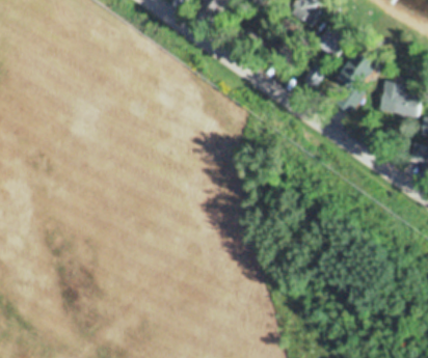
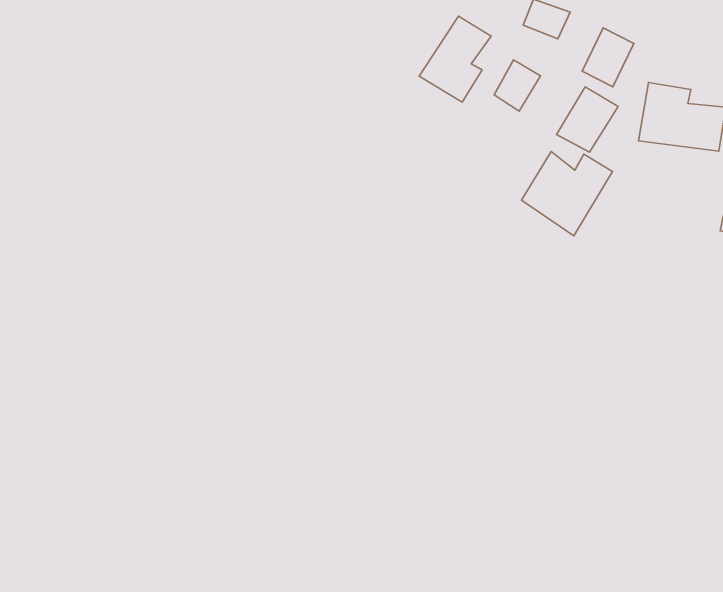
building: none -> [419,16,491,102]
building: none -> [521,152,612,236]

